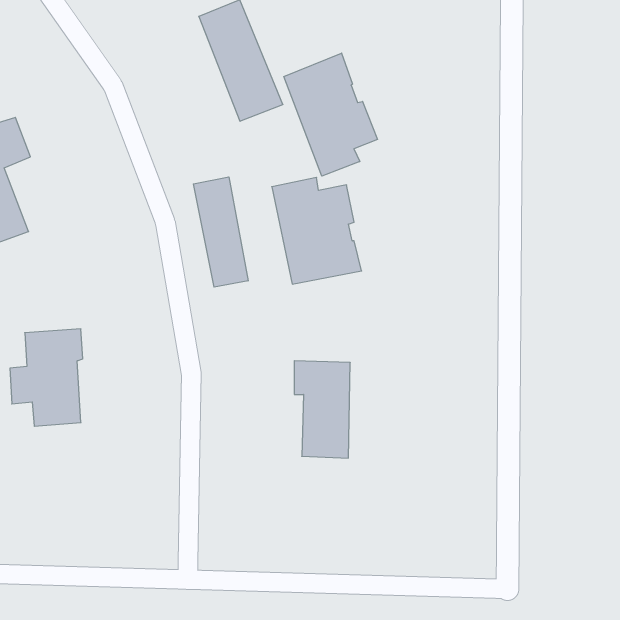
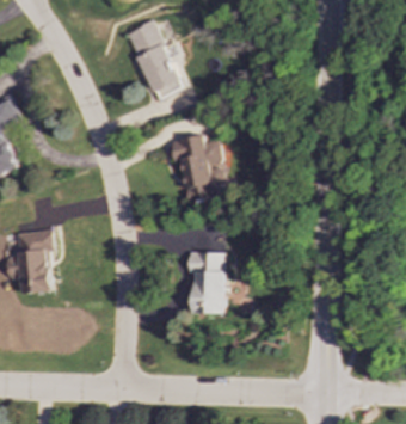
building: [284,53,378,176] -> none
building: [193,177,248,287] -> none

